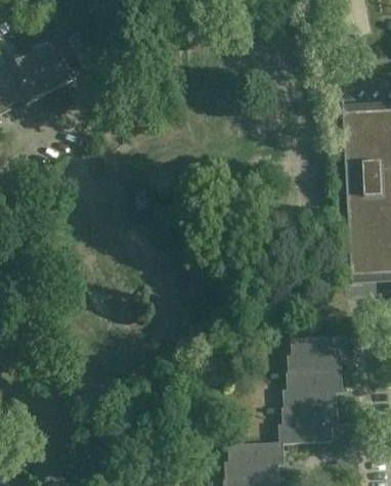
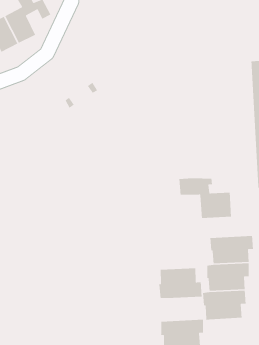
building: none -> [178,178,232,219]
building: none -> [155,268,203,299]

